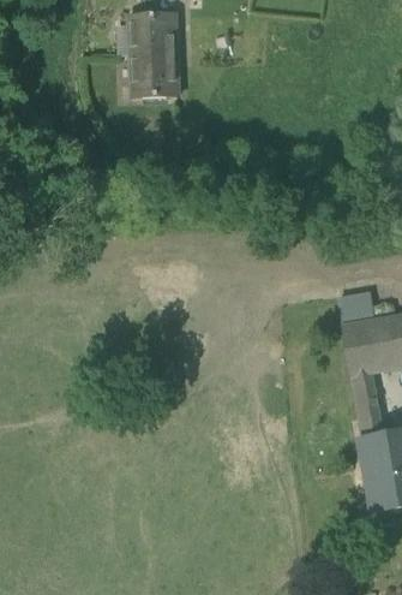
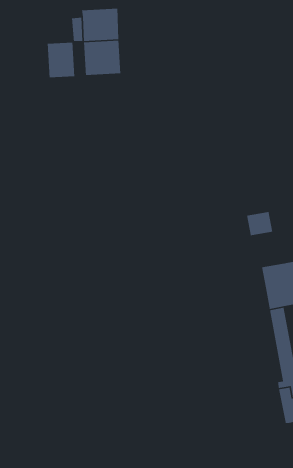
building: none -> [47,42,75,78]
building: [338,294,371,325] -> [246,211,273,236]

